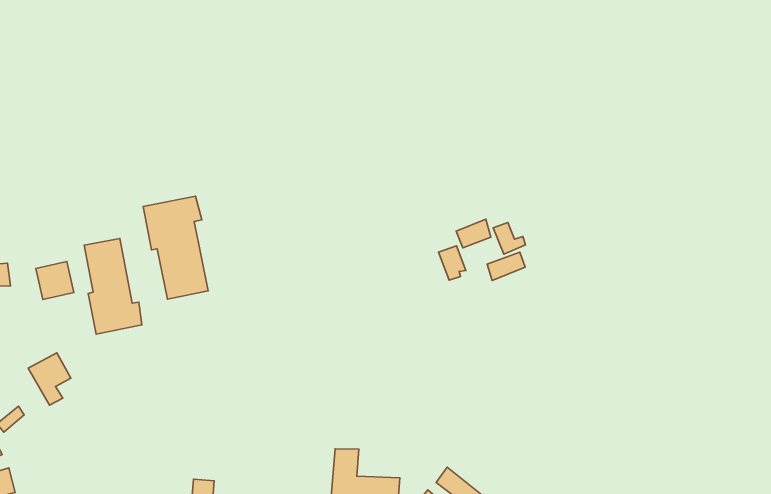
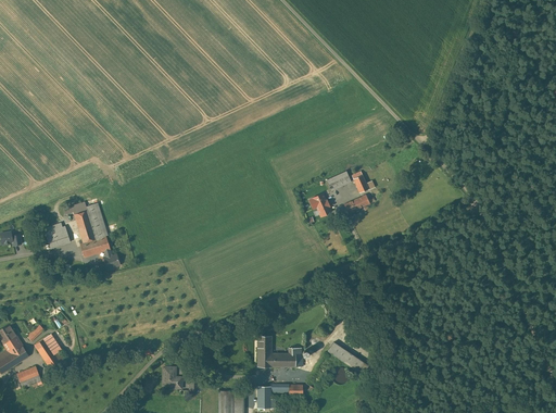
building: [143,196,208,299] -> none
building: [28,353,71,405] -> [33,334,62,370]

